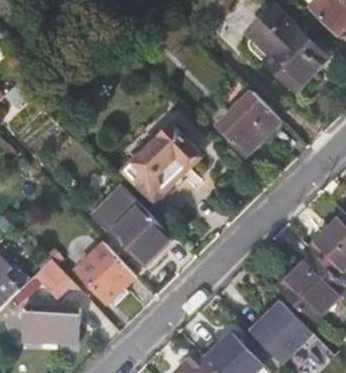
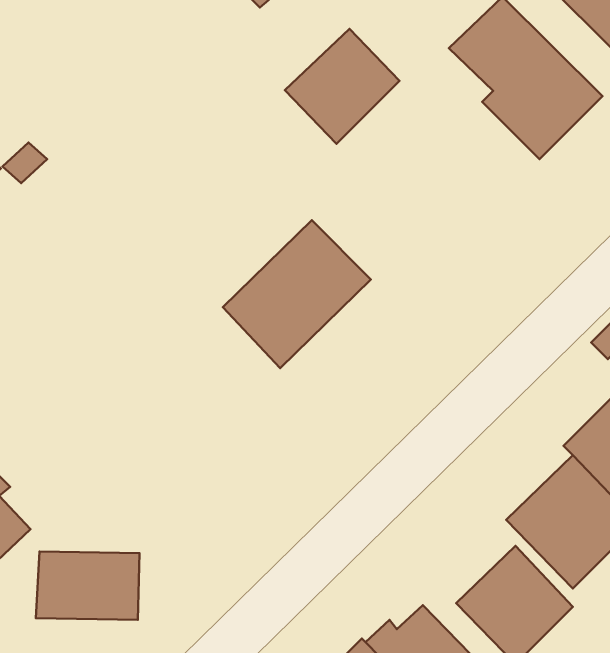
building: [218,92,280,154] -> [285,29,400,144]
building: [93,186,173,267] -> none
building: [74,243,135,305] -> none
building: [20,260,73,301] -> none

